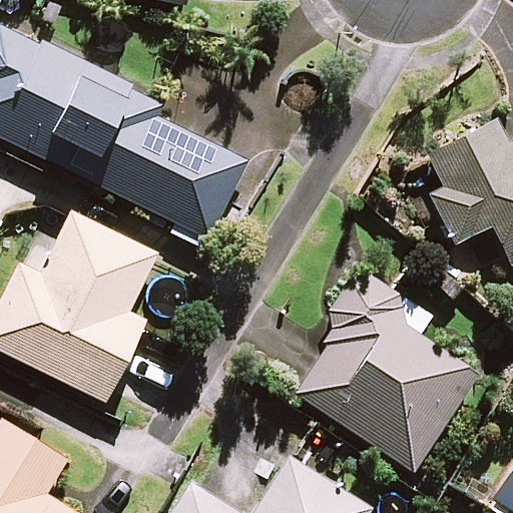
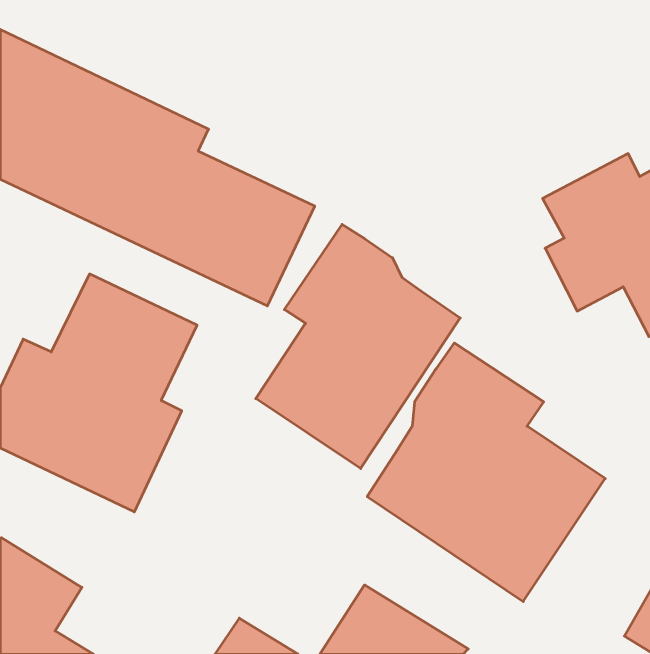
building: none -> [256,224,460,469]

